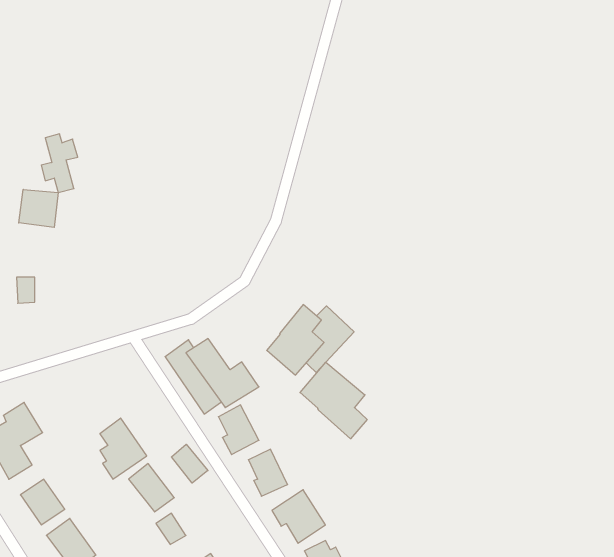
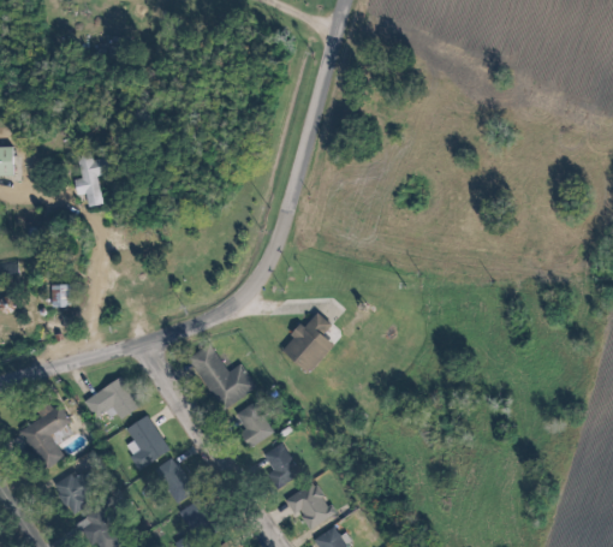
building: [19,189,58,227] -> none
building: [300,362,367,439] -> none
building: none -> [83,377,138,418]
building: [171,444,208,483] -> none

